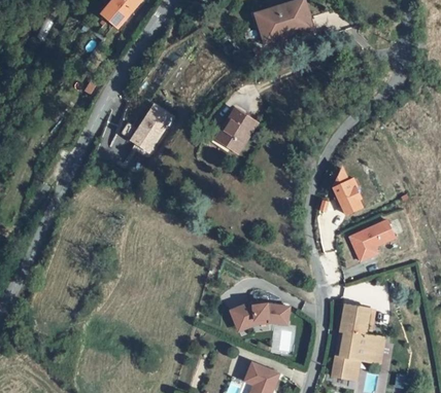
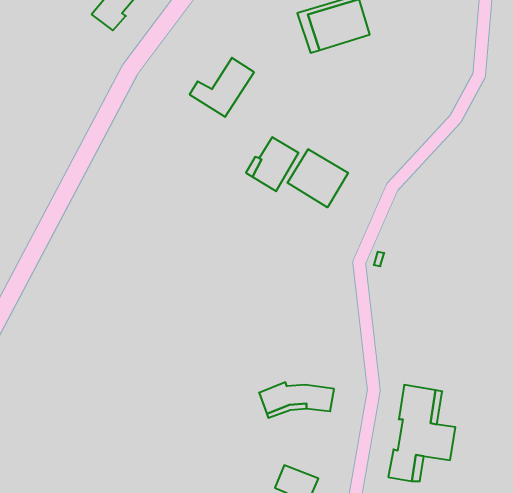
building: [126,106,176,152] -> [190,58,254,117]
building: none -> [287,149,348,207]
building: [334,172,360,212] -> none
building: [347,219,393,260] -> none

